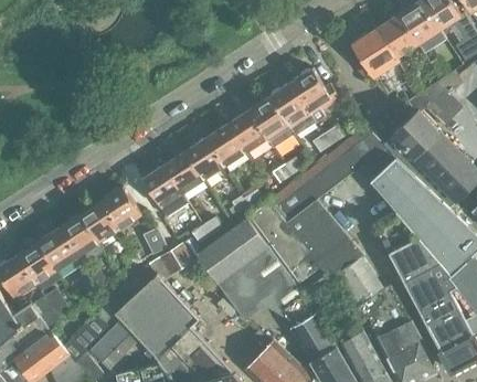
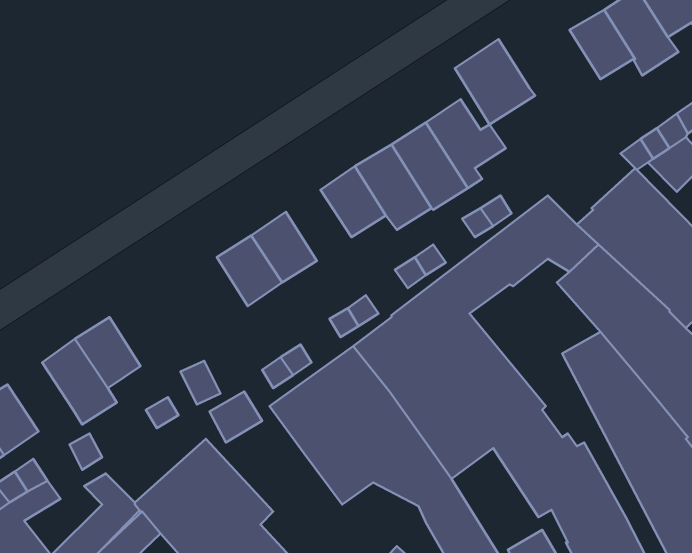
building: [352,26,401,78] -> [455,39,535,124]
building: [206,124,246,167] -> none
building: [142,165,189,216] -> none
building: [99,188,140,231] -> none
building: [38,229,77,270] -> none

